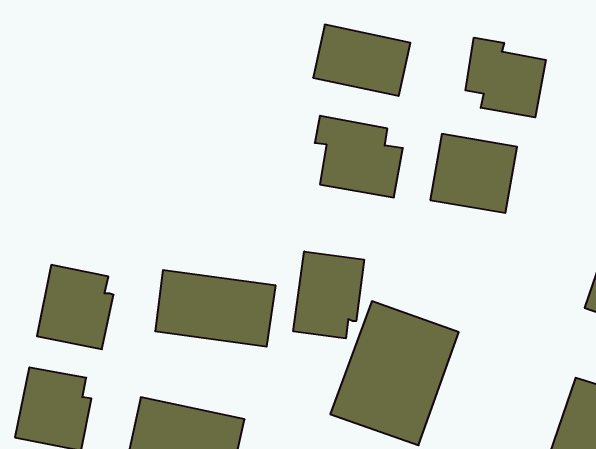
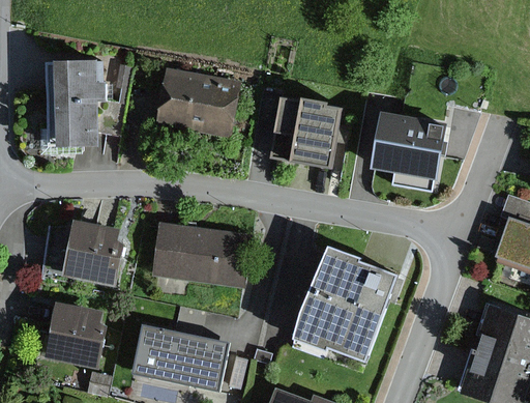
building: [313,25,410,96] -> [174,73,252,129]
building: [465,38,546,117] -> none
building: none -> [41,60,93,144]
building: [293,251,364,338] -> none

